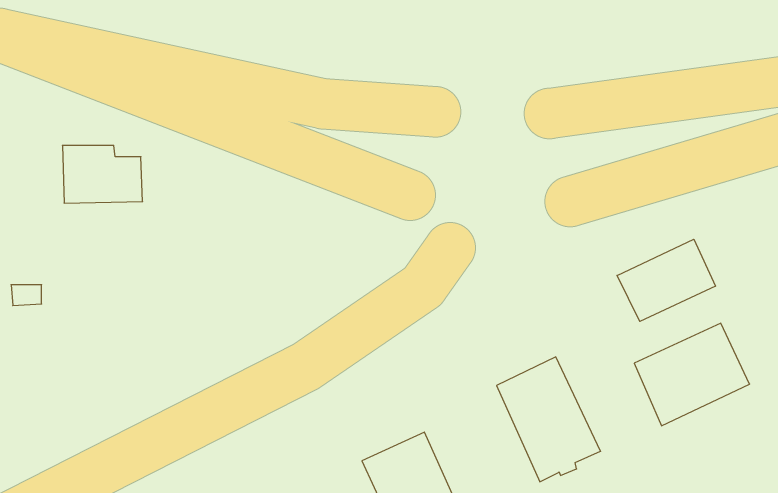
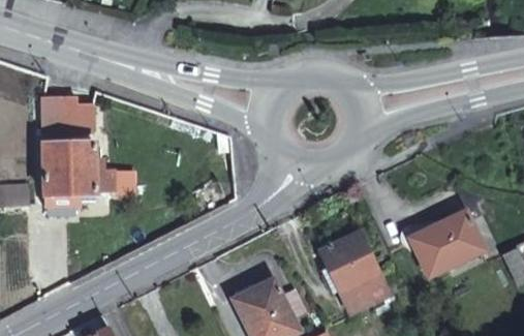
building: none -> [42,142,112,206]
building: [617,239,715,321] -> none

